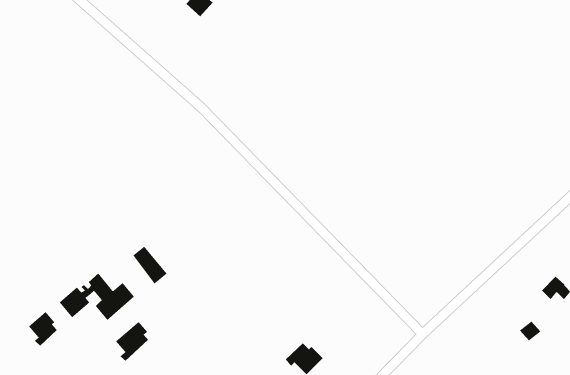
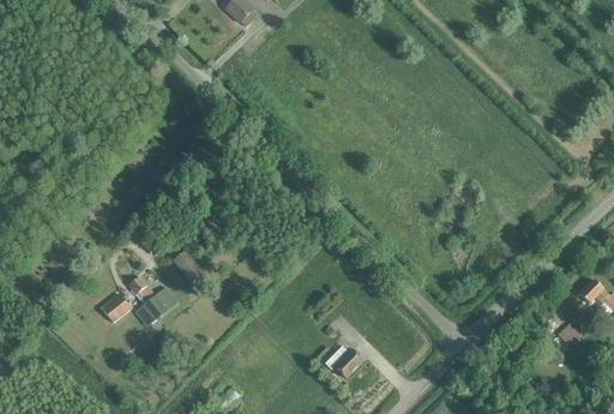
building: [28,311,58,346] -> none
building: [115,321,149,361] -> none

